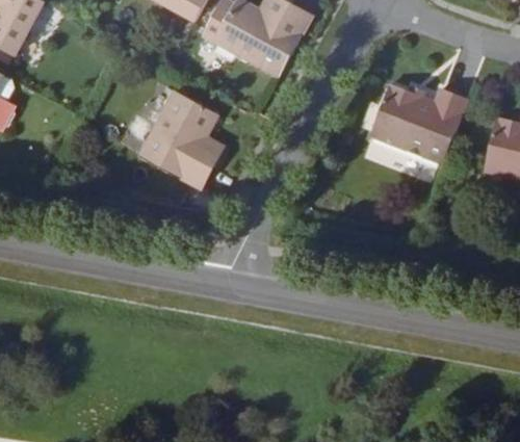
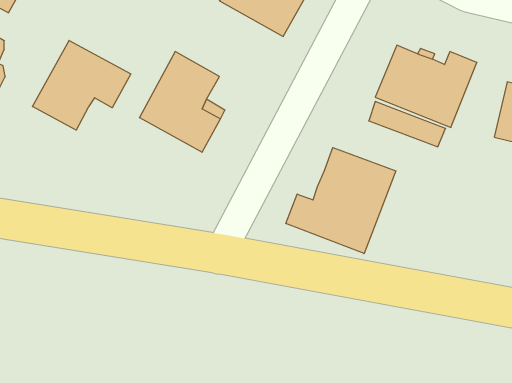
building: none -> [32,40,131,130]
building: none -> [286,148,396,254]

